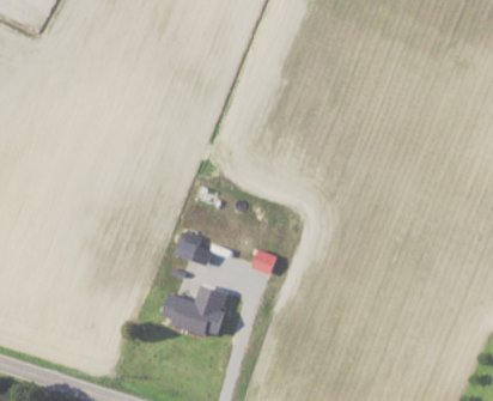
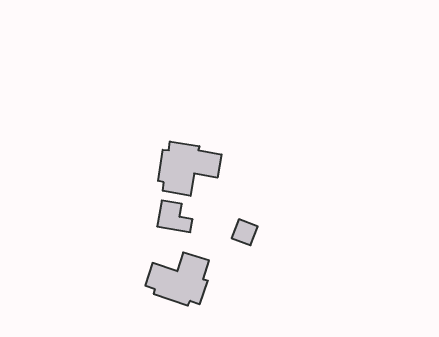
building: none -> [158,141,222,196]

